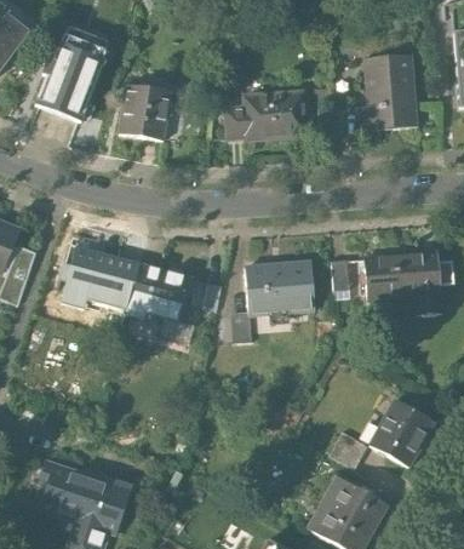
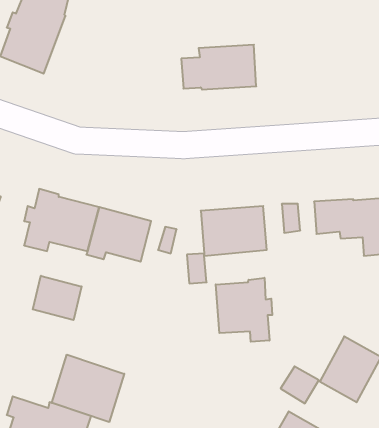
building: [363,55,417,131] -> none
building: [120,84,171,138] -> none
building: none -> [33,276,82,320]
building: none -> [216,278,272,342]
building: none -> [52,355,124,422]

